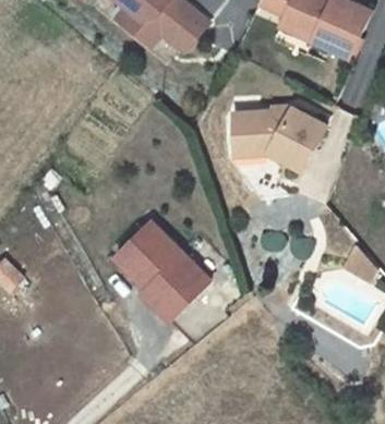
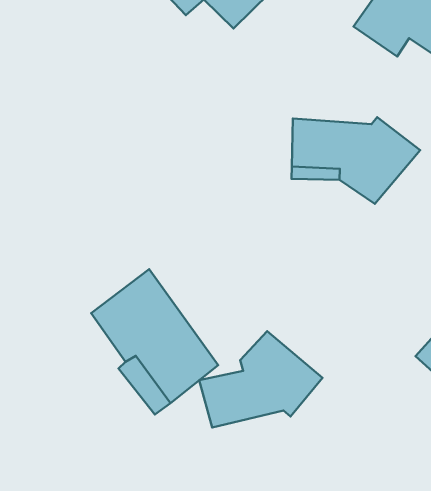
building: none -> [199,331,322,428]

